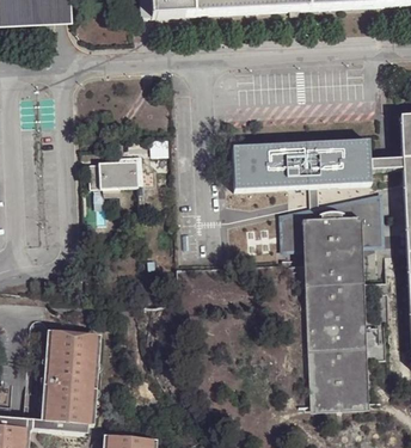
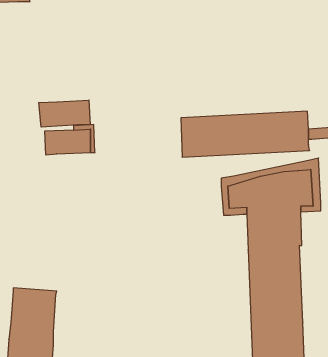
building: none -> [39,100,90,127]

